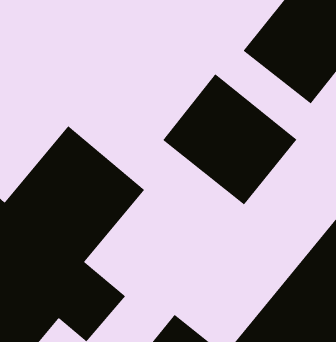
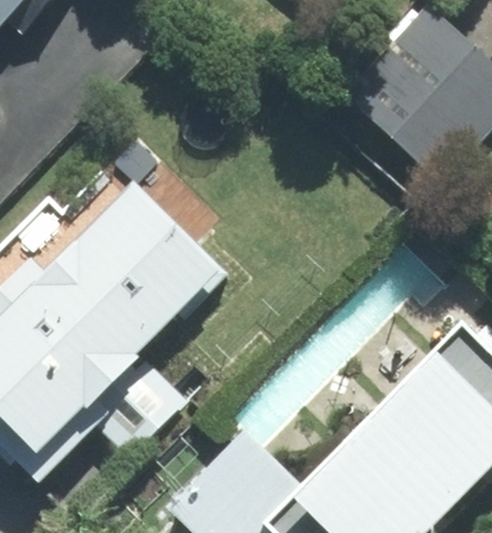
building: [162,73,297,206] -> none

